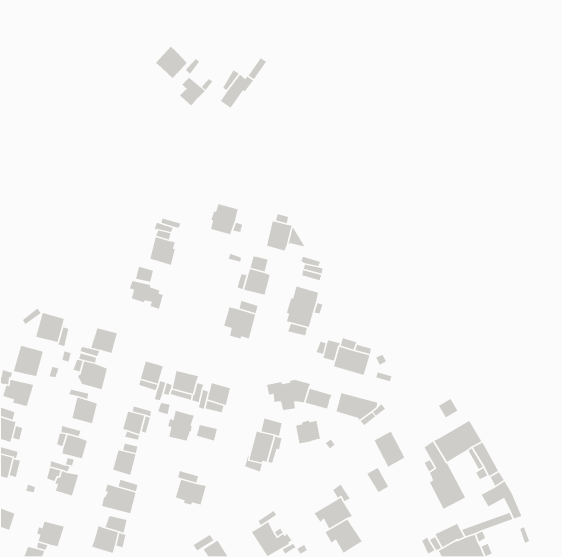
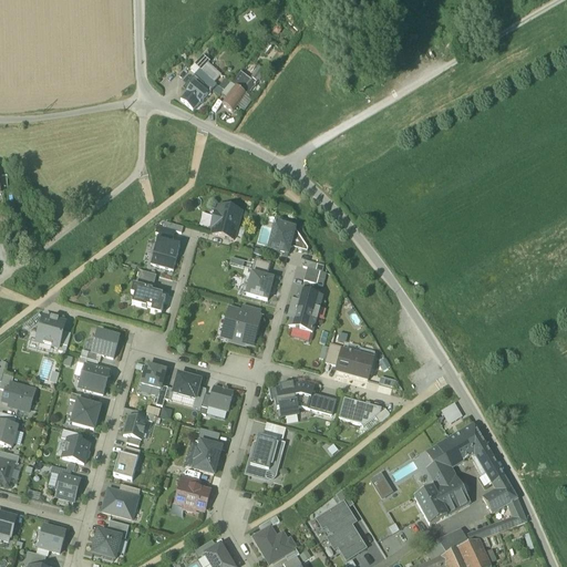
building: [155,46,188,79] -> none
building: [13,345,44,377] -> none
building: [167,410,195,442] -> [193,441,220,473]
building: [295,420,321,444] -> none
building: [374,430,406,468] -> [414,486,446,524]

